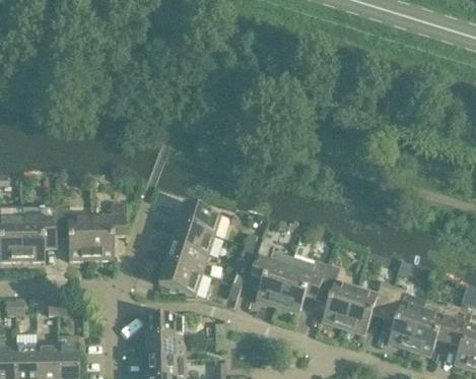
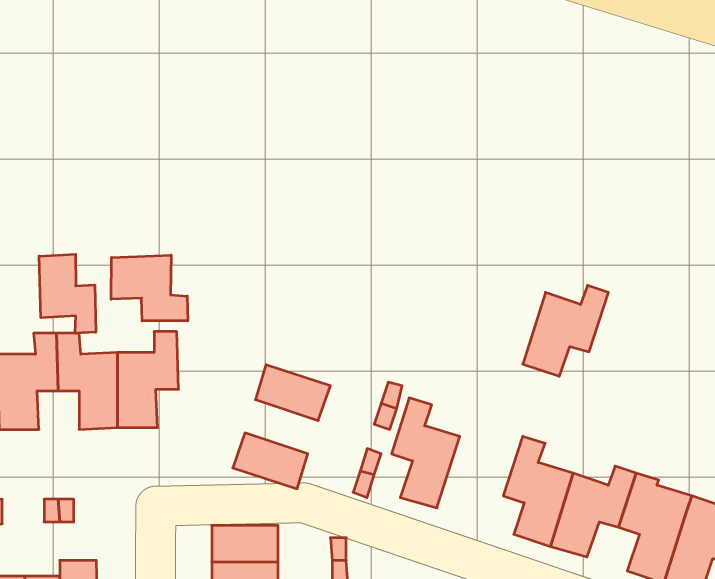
building: none -> [39,254,96,333]
building: none -> [111,255,188,321]
building: [177,201,220,234] -> none
building: [164,242,207,273] -> none
building: [276,259,326,312] -> [523,285,608,376]

